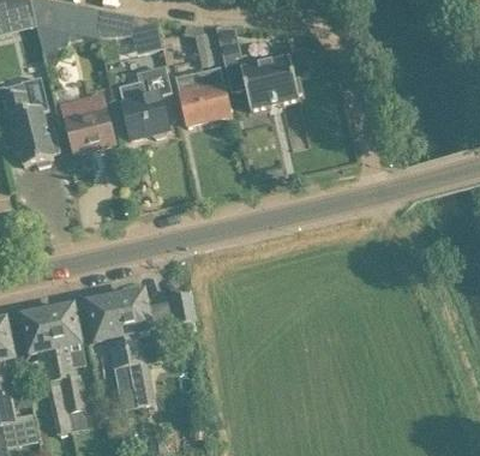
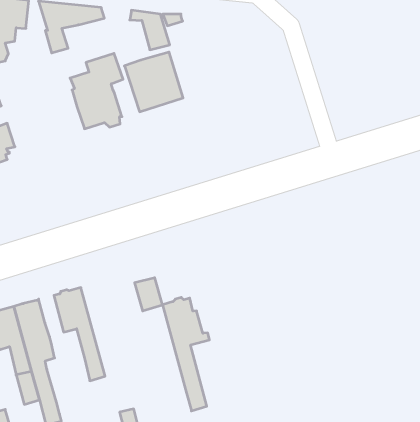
building: [226,56,302,109] -> none
building: [61,92,115,152] -> none
building: [116,290,161,404] -> [163,297,209,411]

